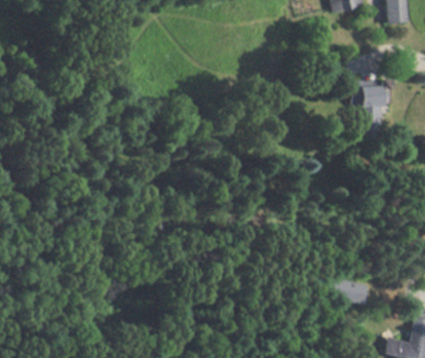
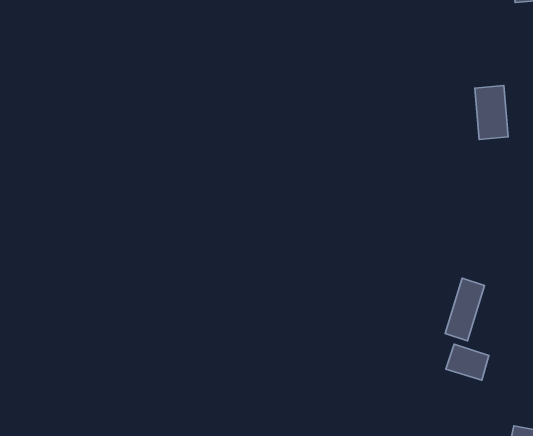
building: none -> [445,278,484,341]

